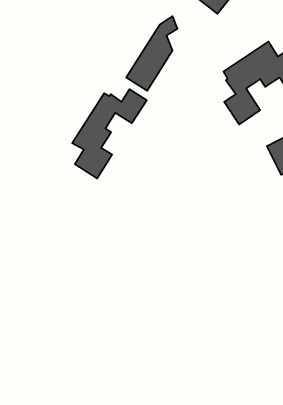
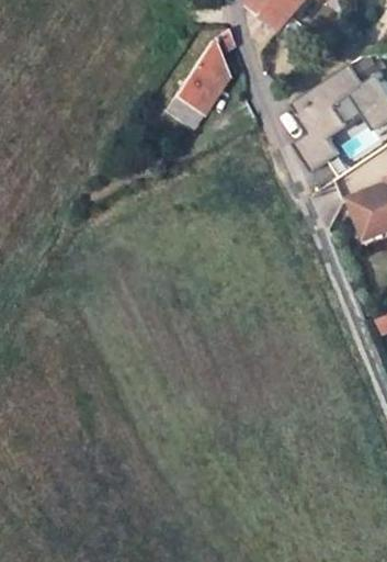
building: [72,89,147,178] -> none

